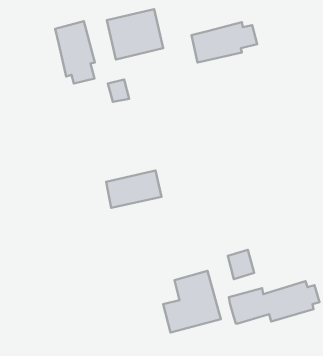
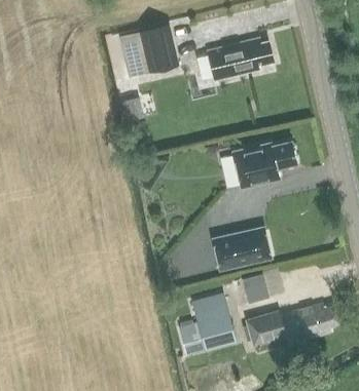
building: [55,21,95,83] -> none
building: none -> [232,142,296,188]
building: [106,171,162,208] -> [214,231,271,269]

